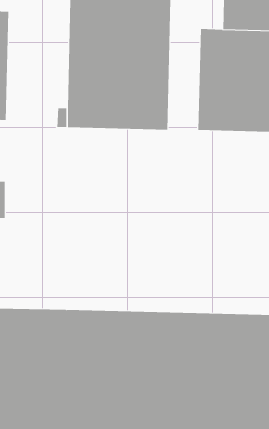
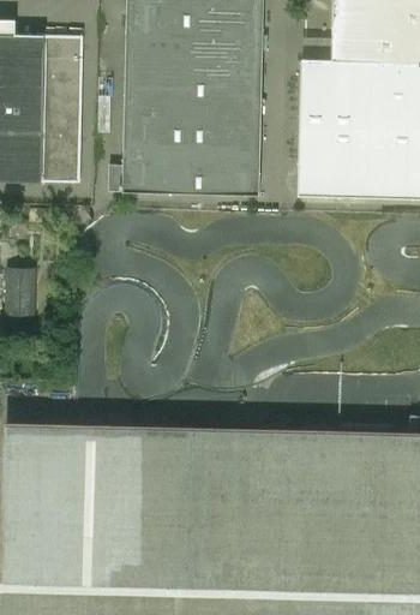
building: none -> [42,32,84,179]

